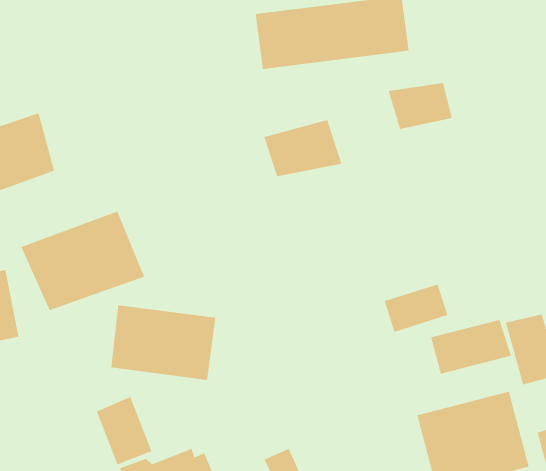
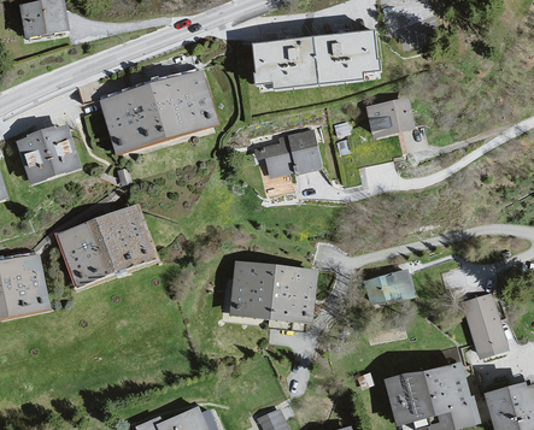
building: none -> [99,67,219,155]
building: [110,305,216,381] -> [228,261,317,325]
building: [431,319,511,375] -> none
building: [96,396,152,465] -> none

